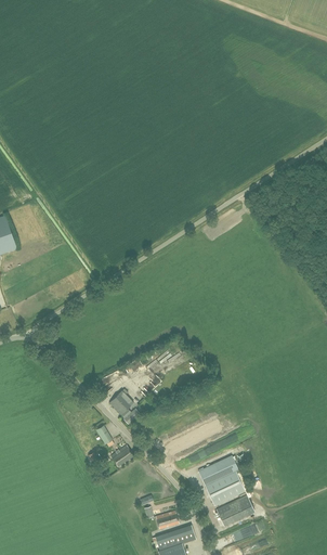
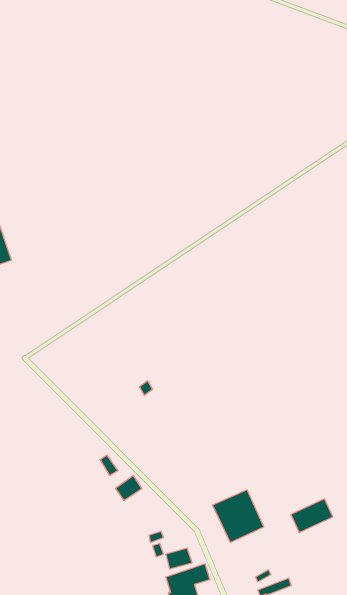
building: [108,388,140,423] -> none
building: [215,494,253,525] -> [291,499,333,532]

